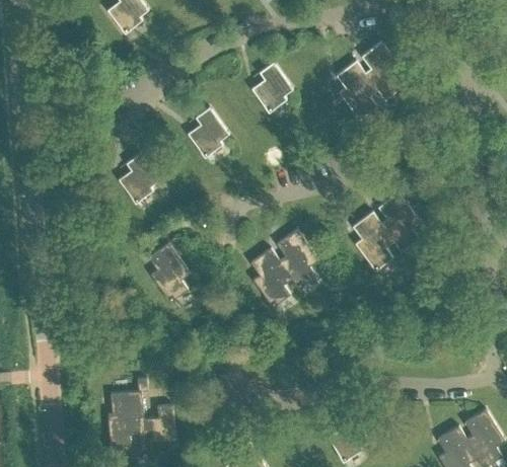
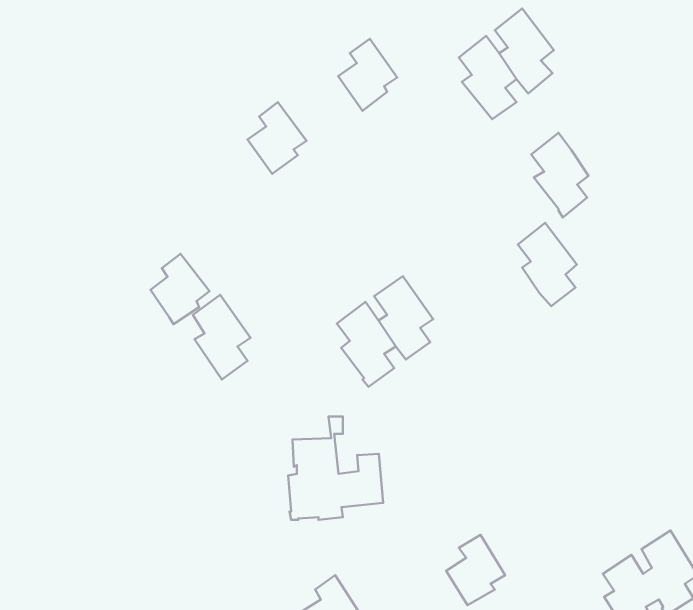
building: [119,153,160,203] -> [150,254,209,324]
building: [353,211,393,270] -> [531,133,589,218]
building: [108,378,175,451] -> [288,416,383,520]

